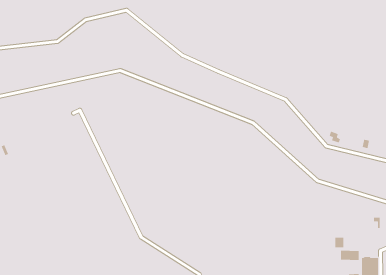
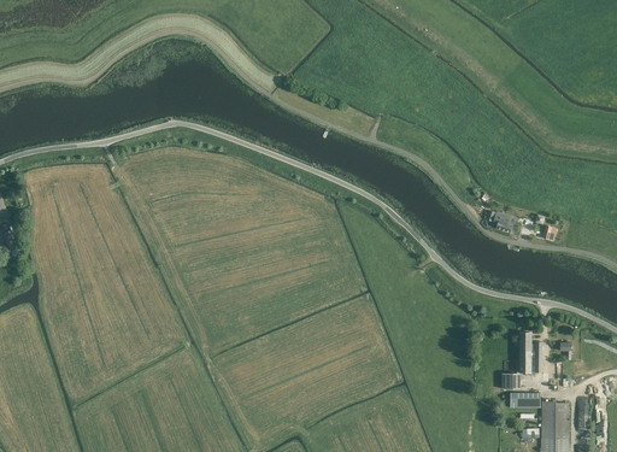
building: none -> [519,333,542,371]

